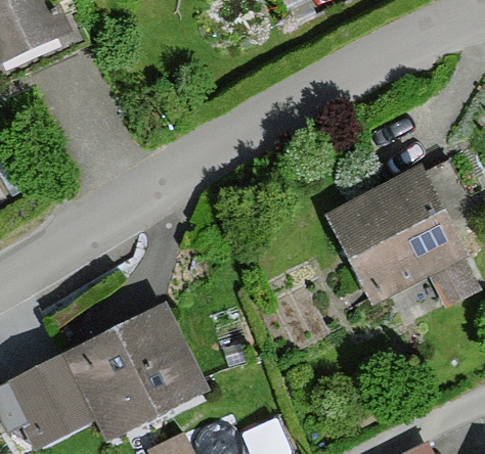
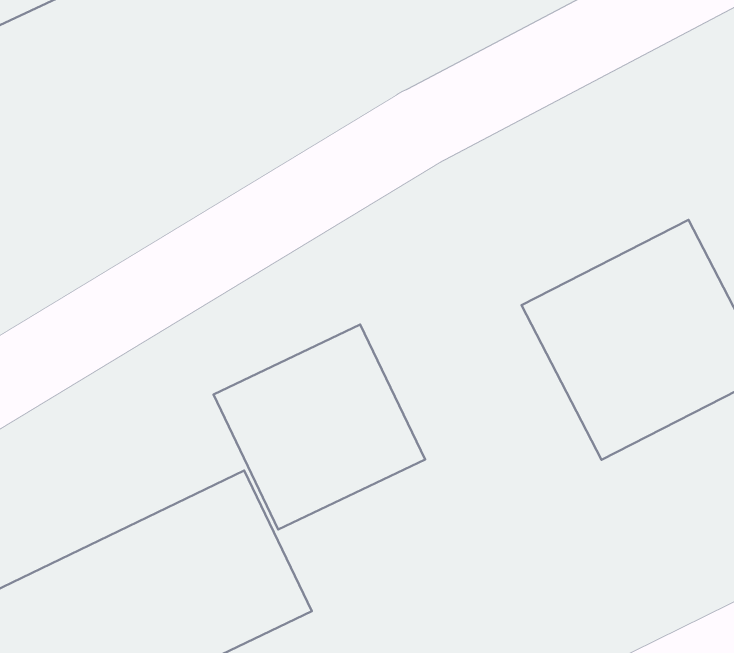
building: none -> [213,325,425,529]

